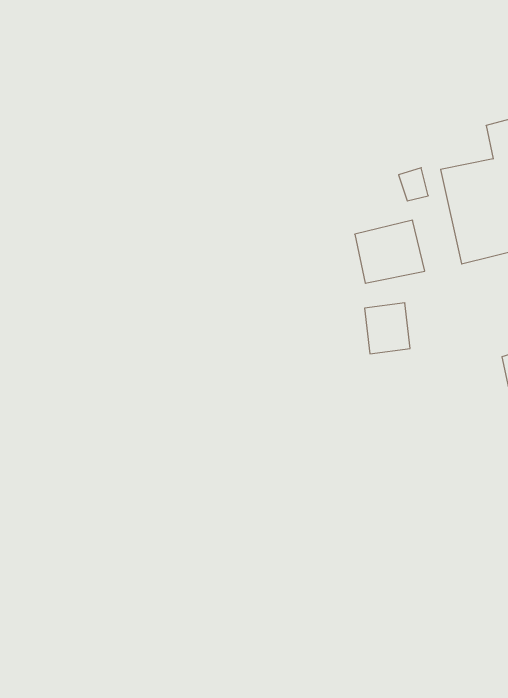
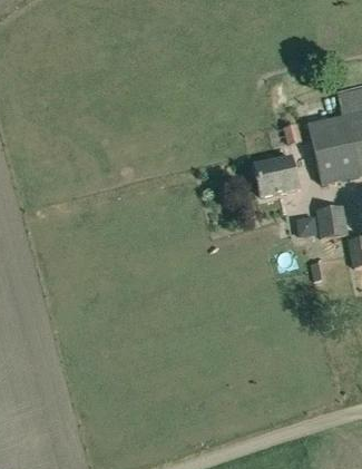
building: [365,303,410,354] -> [316,206,345,238]

